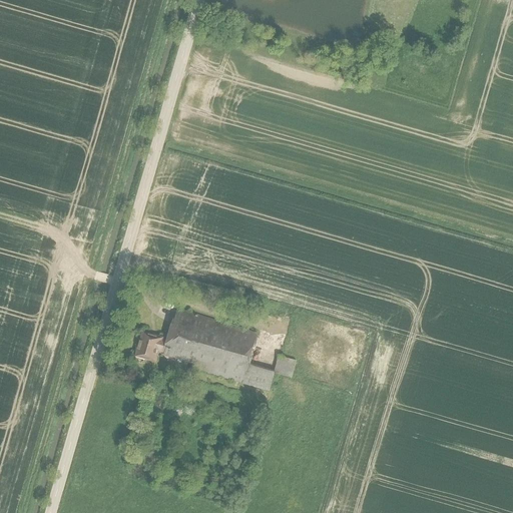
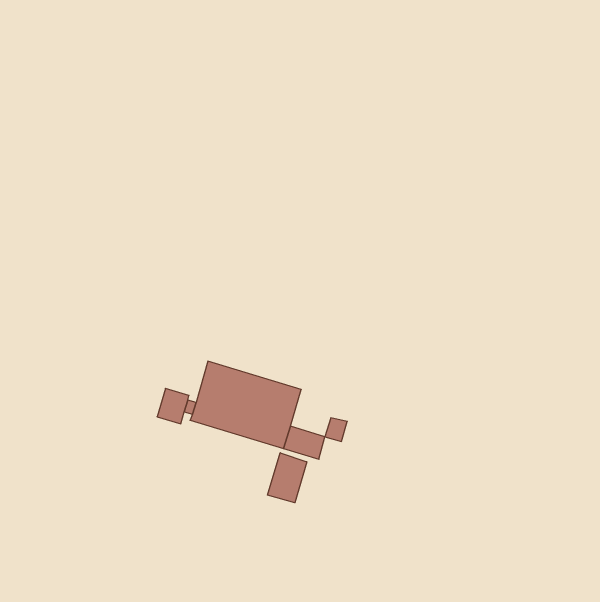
building: none -> [267,453,307,503]

